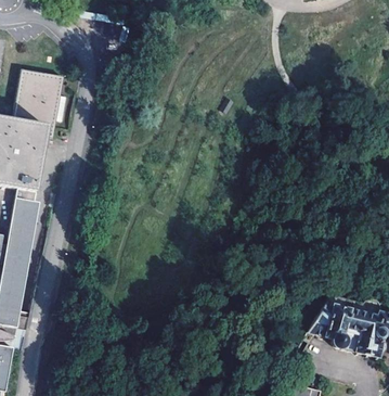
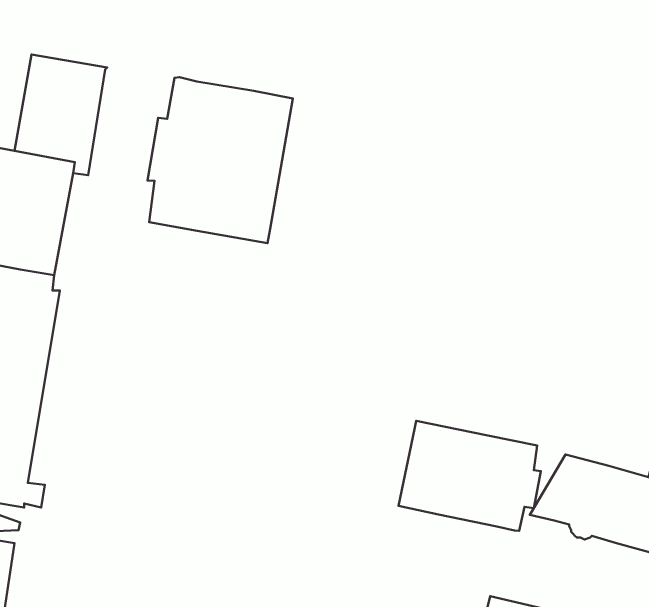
building: none -> [148,77,293,243]
building: none -> [399,421,541,531]

